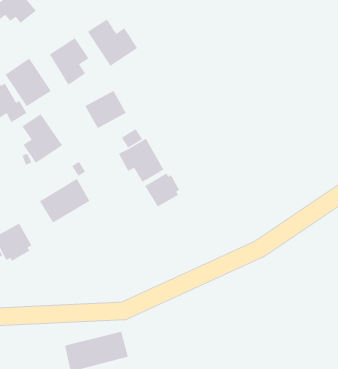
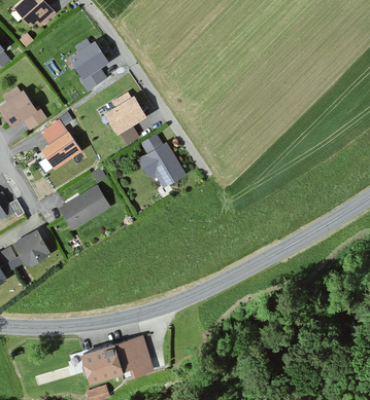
building: [87,18,138,67] -> none
building: [5,57,52,107] -> none
building: [144,173,180,208] -> none

